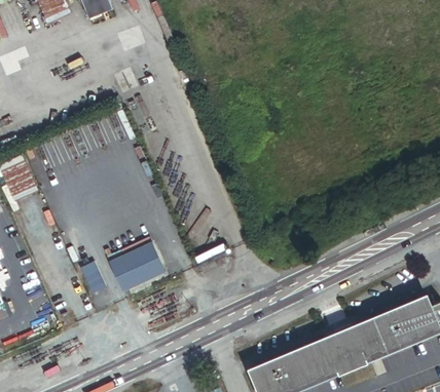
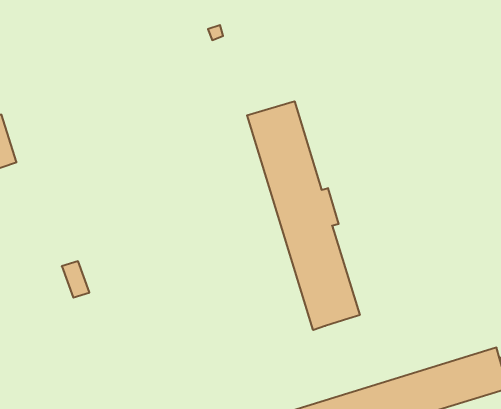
building: none -> [247,101,360,330]
building: [108,241,166,291] -> none

